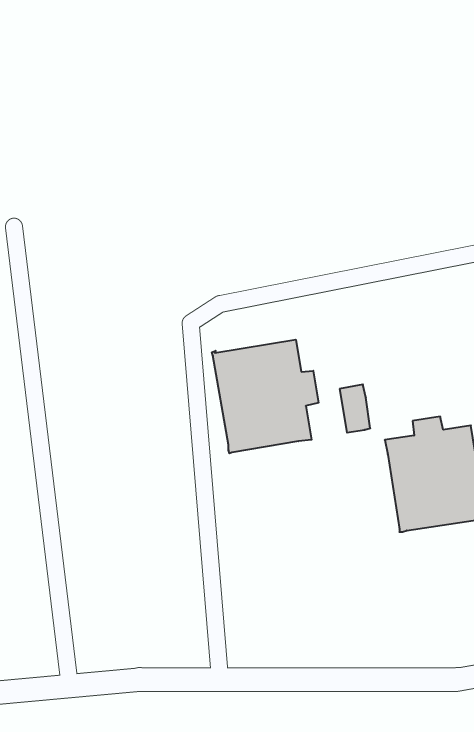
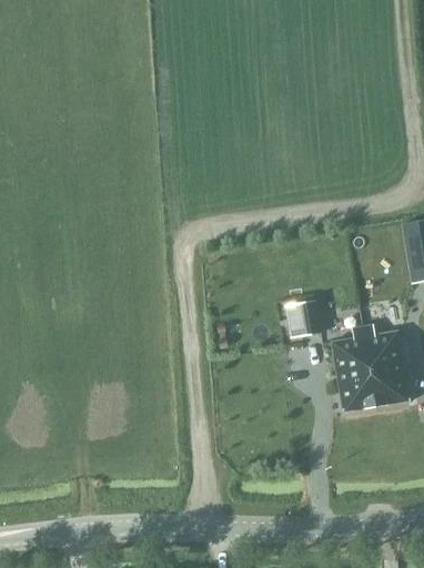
building: [212,340,319,453] -> none

